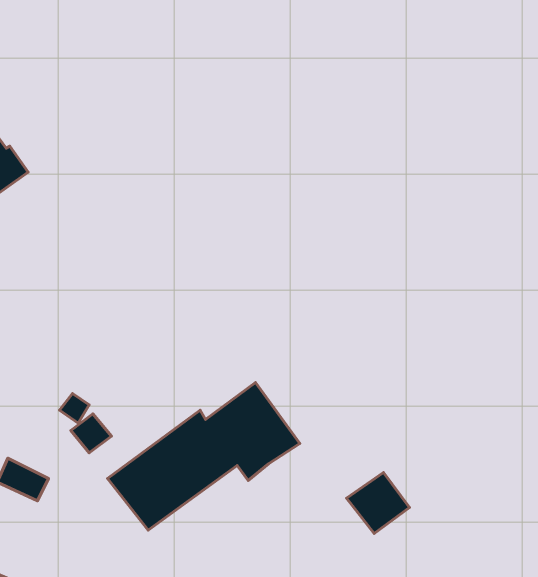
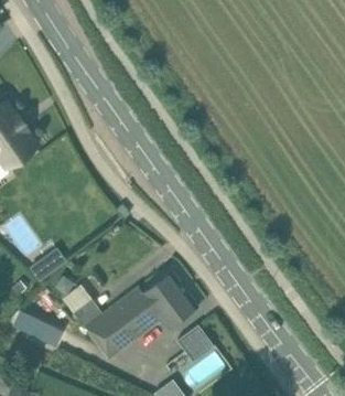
building: none -> [29,245,66,279]
building: [347,472,409,533] -> [176,324,214,361]

